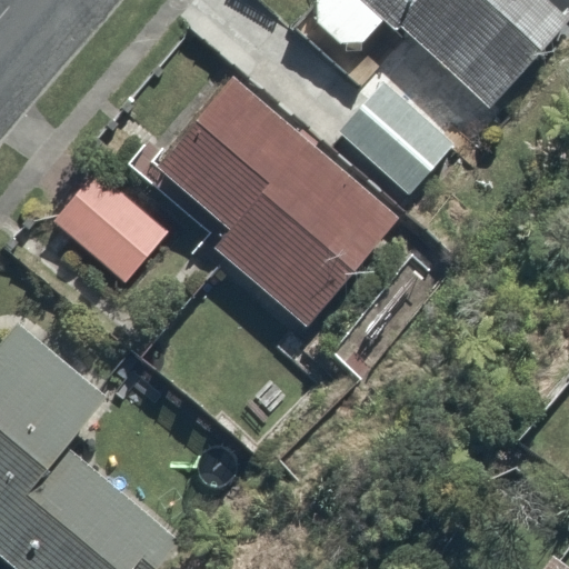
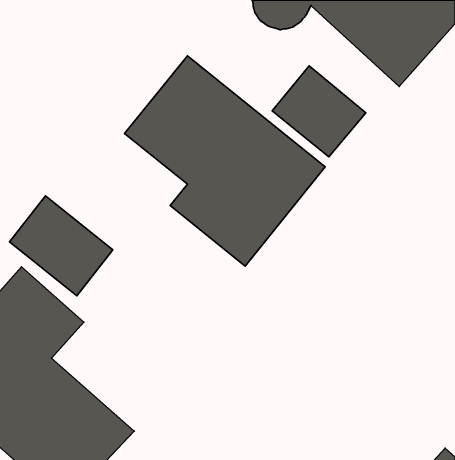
building: [44,163,172,287] -> [9,196,113,296]

